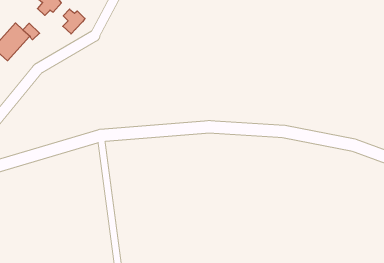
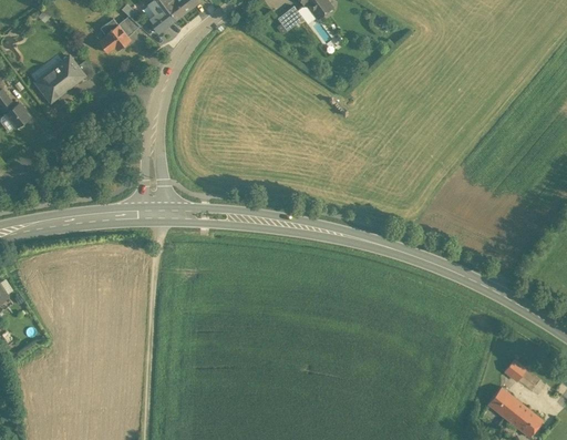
building: [63,9,85,34] -> none

